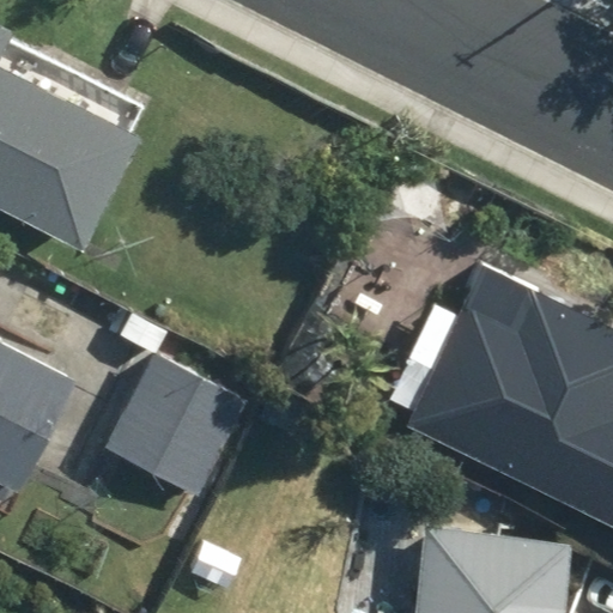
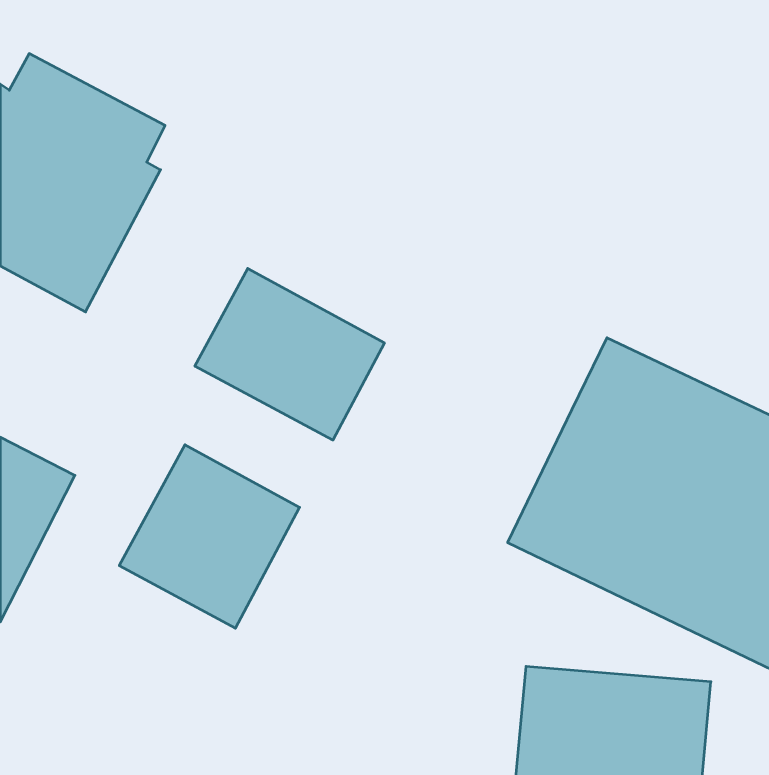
building: none -> [195,268,384,440]

